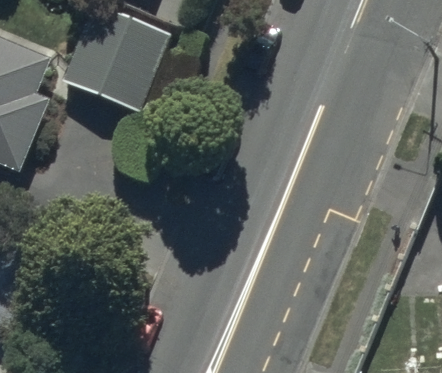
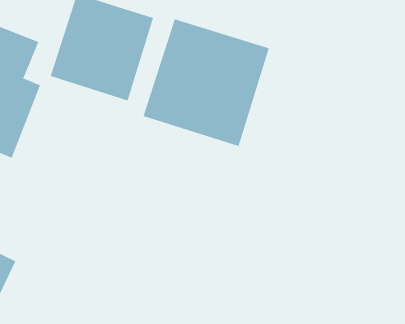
building: none -> [143,18,270,147]

